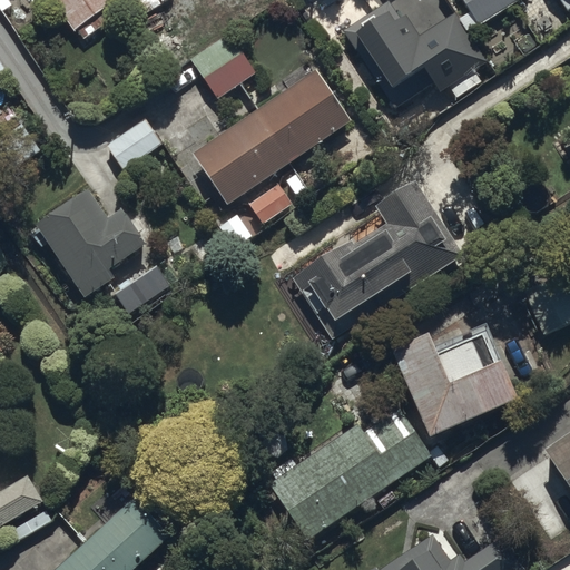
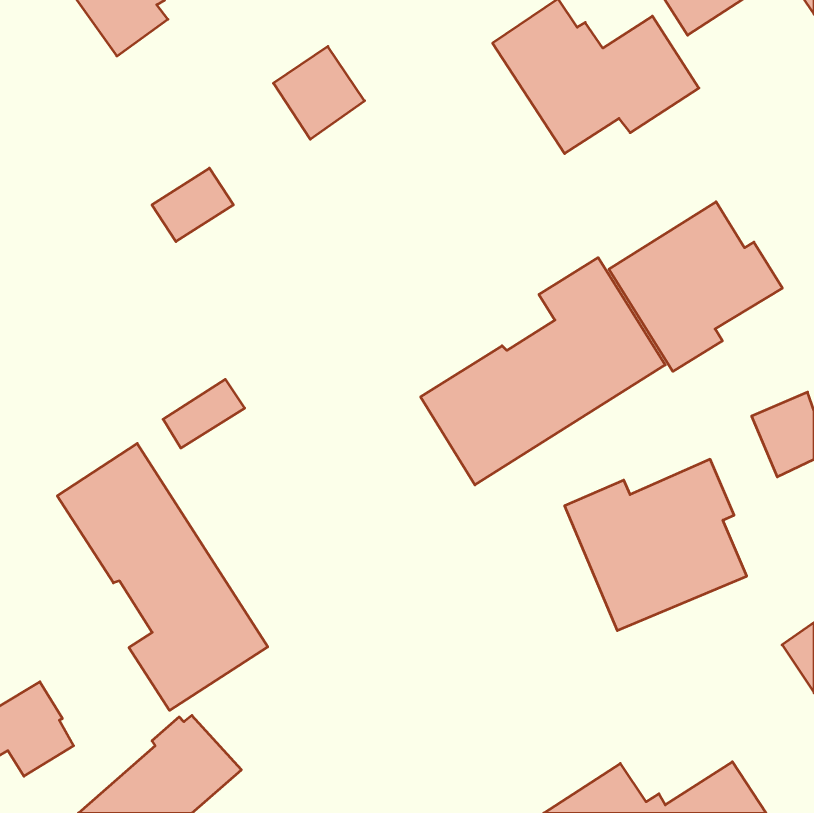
building: [193,69,351,223] -> none
building: none -> [609,202,782,371]
building: [36,188,148,297] -> none
building: none -> [57,443,268,710]
building: [259,406,448,548] -> none

